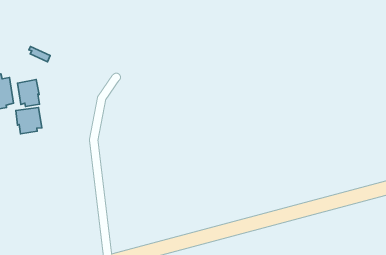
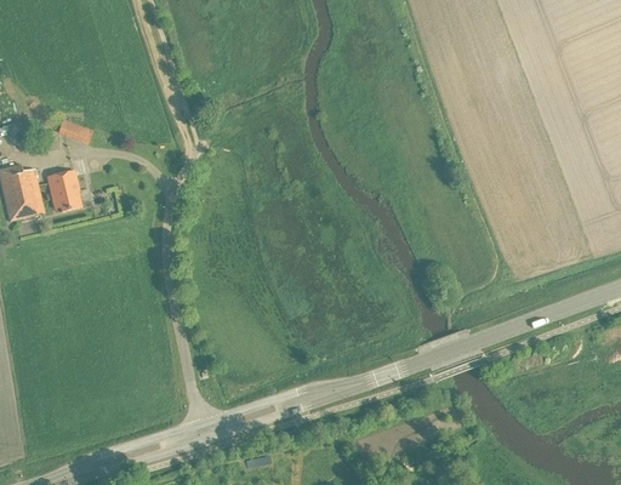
building: [16,107,42,134] -> none

